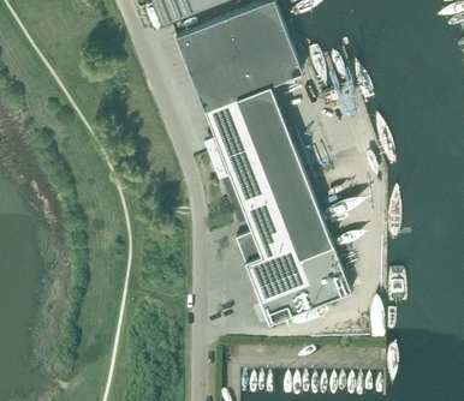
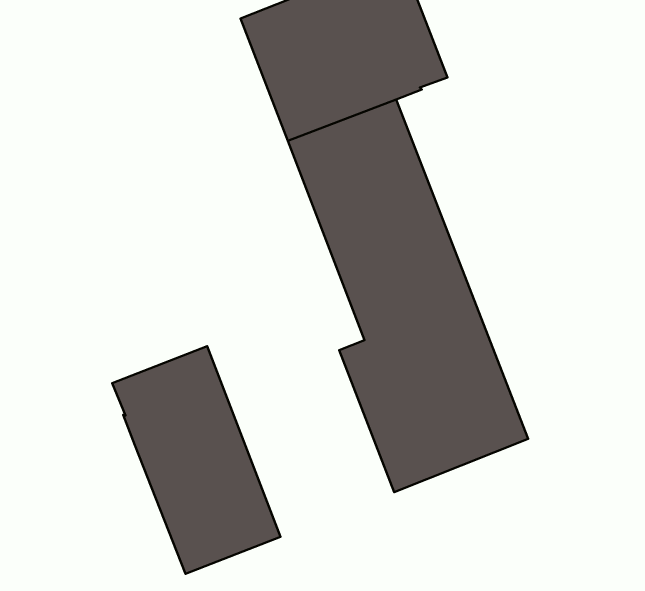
building: none -> [112,346,280,574]

